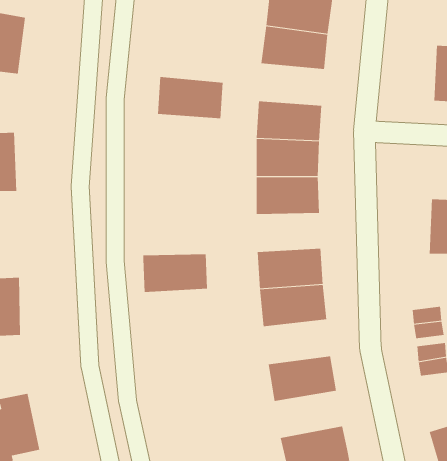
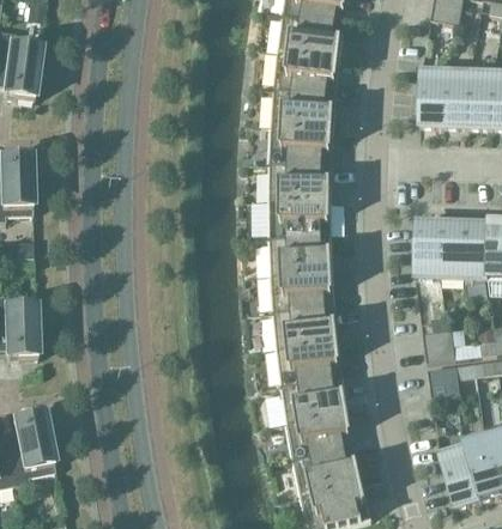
building: none -> [418,67,446,122]
building: [157,77,224,119] -> [270,85,335,127]
building: none -> [413,218,441,274]
building: [143,254,208,293] -> [267,233,332,272]
building: none -> [274,339,341,383]
building: none -> [285,409,353,456]

